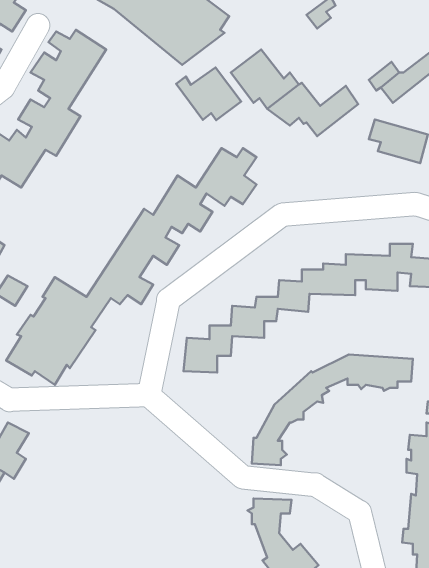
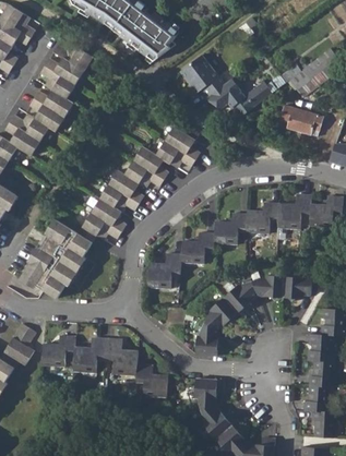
building: [176,67,241,120] -> none
building: none -> [43,336,167,396]

